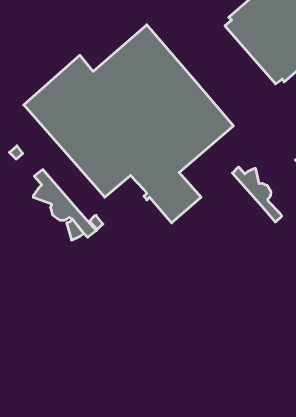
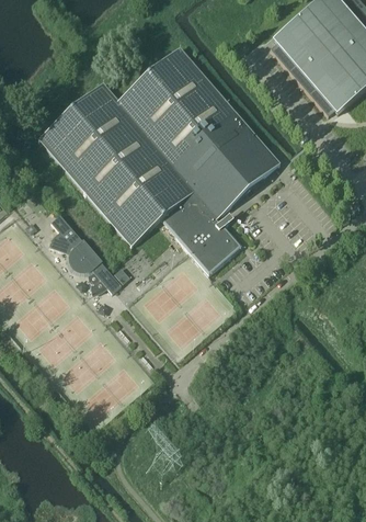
building: [232,167,282,222] -> none

